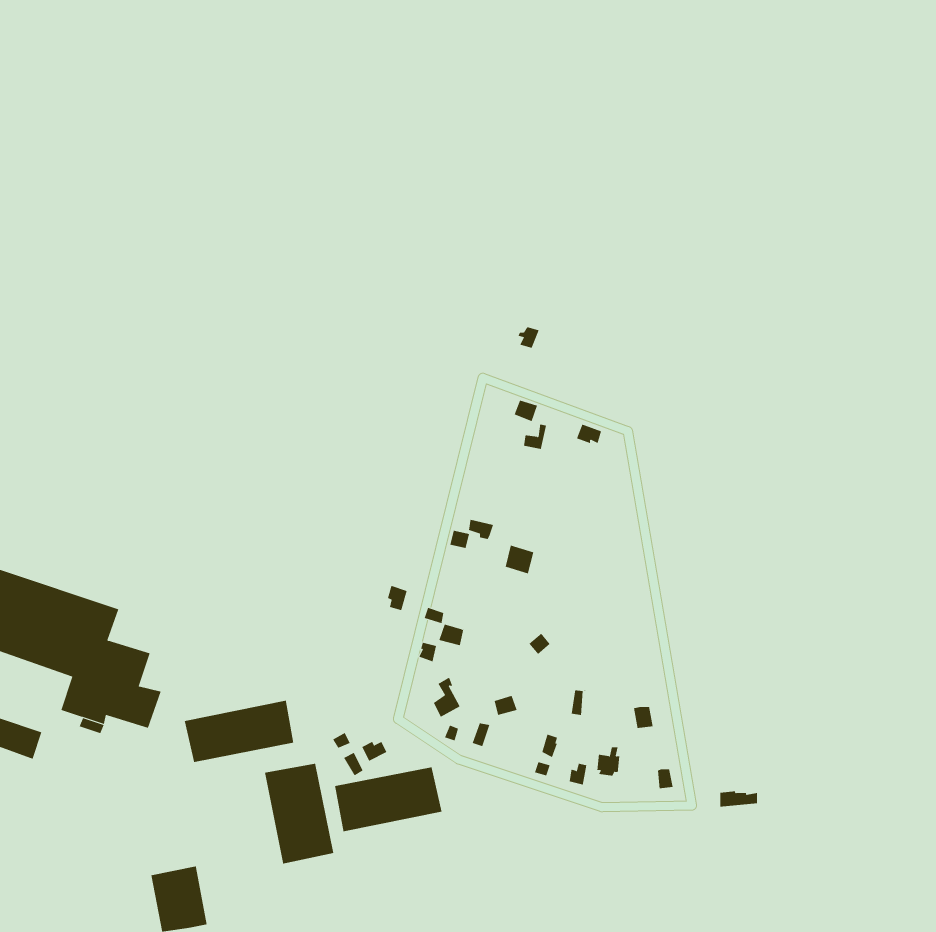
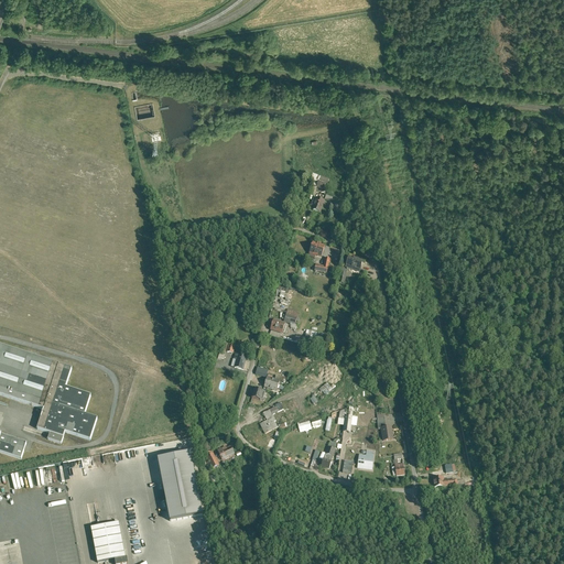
building: [184,700,294,763] -> none
building: [335,766,442,832] -> none

